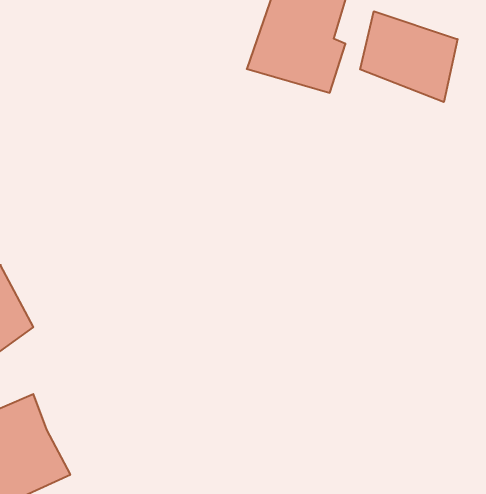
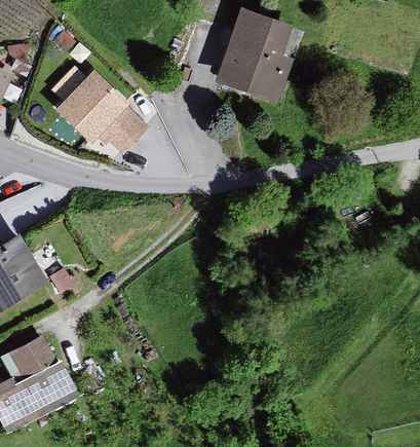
building: [360,11,458,102] -> none
building: none -> [61,67,145,153]

